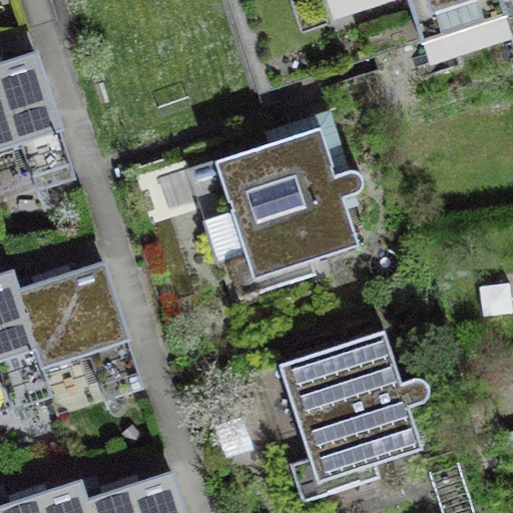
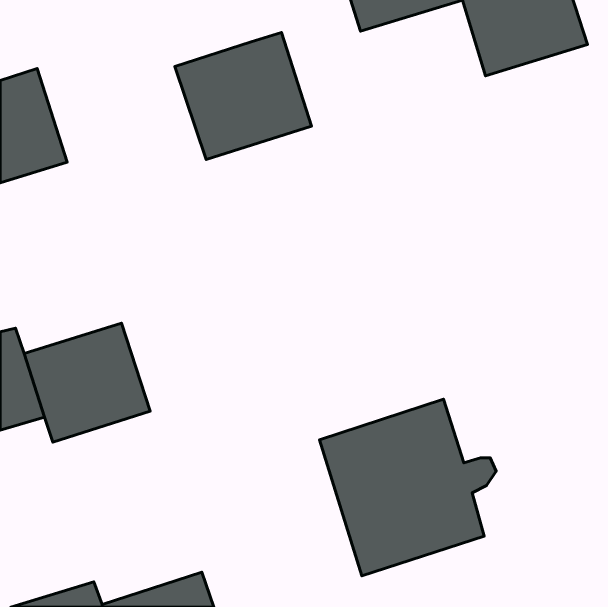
building: none -> [175,32,312,160]
building: [209,125,362,284] -> none

